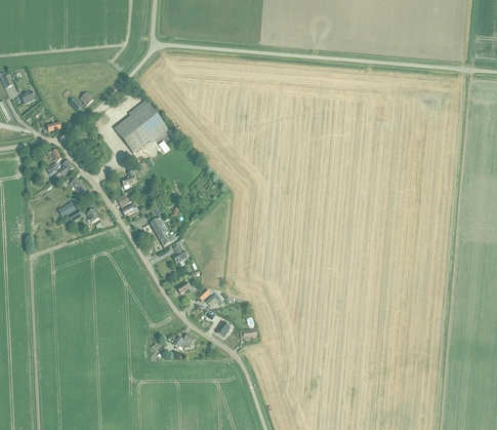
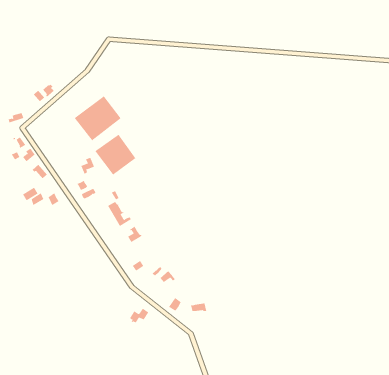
building: none -> [95,134,136,176]

